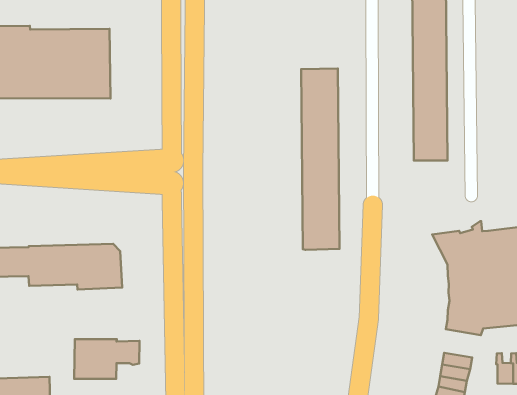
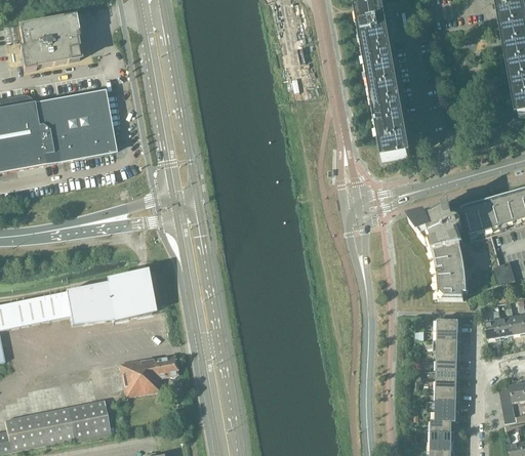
building: [301,69,339,250] -> none

